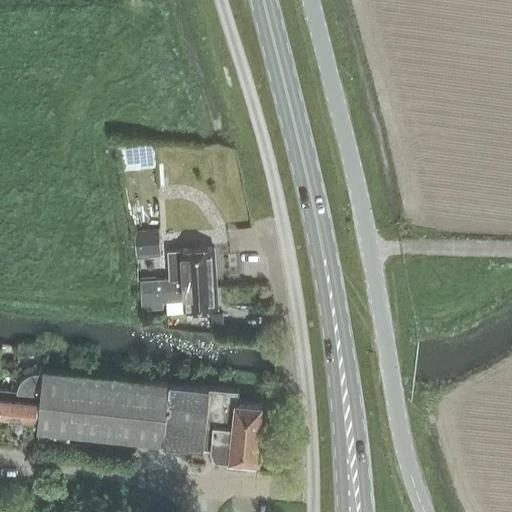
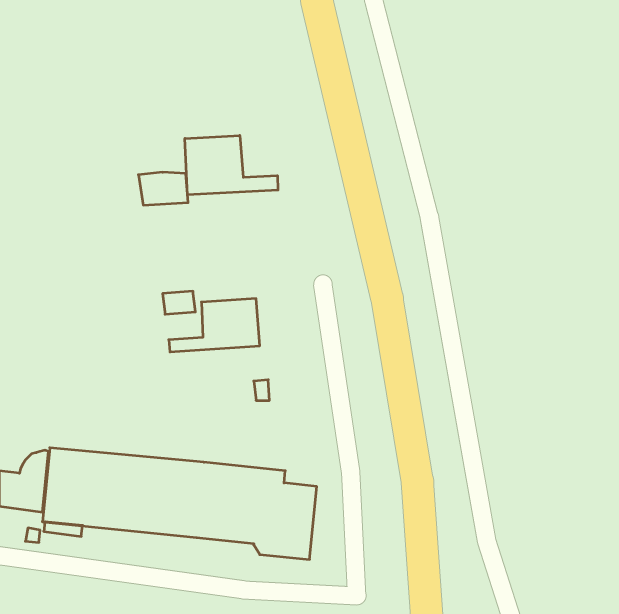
building: none -> [185,135,278,195]
building: [140,290,216,314] -> none

